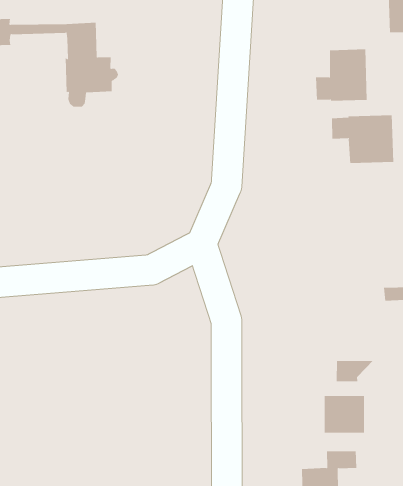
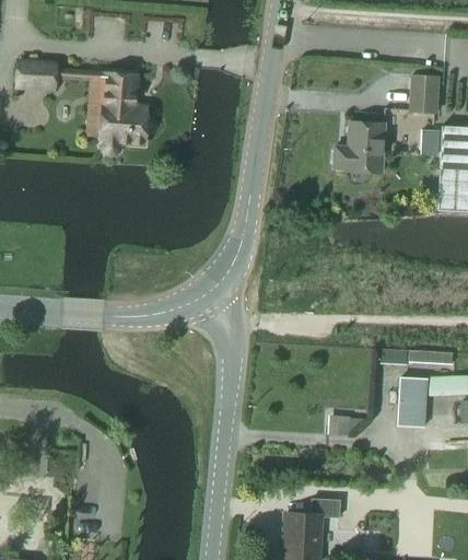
building: [331,114,394,164] -> none
building: [324,395,364,434] -> none

